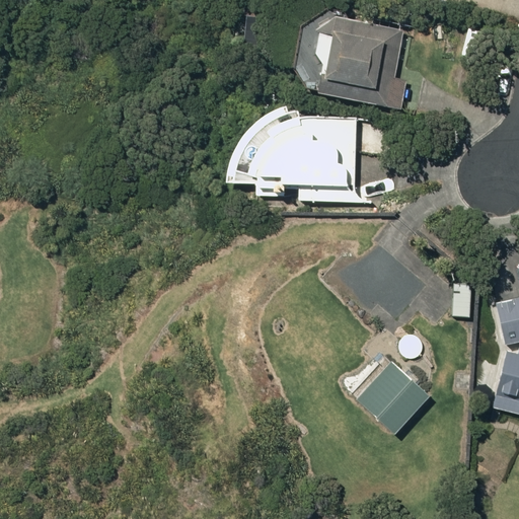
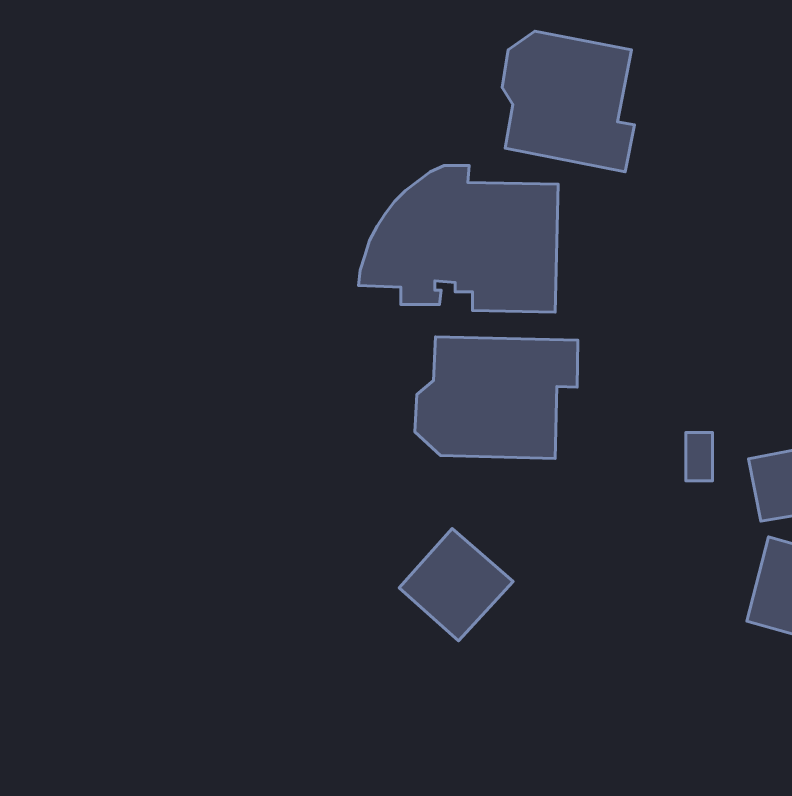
building: none -> [415,337,578,458]
building: [351,357,425,430] -> [399,528,513,641]

